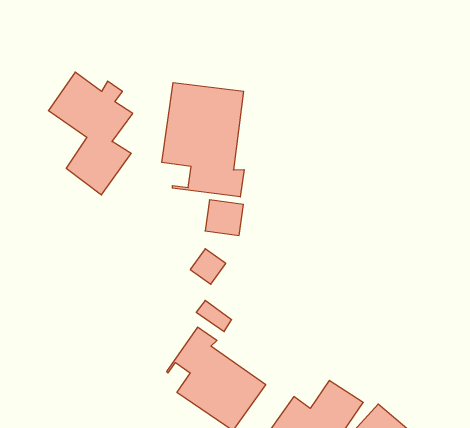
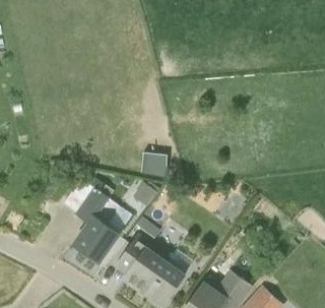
building: [48,72,133,195] -> [62,178,120,262]
building: [162,83,244,197] -> none

